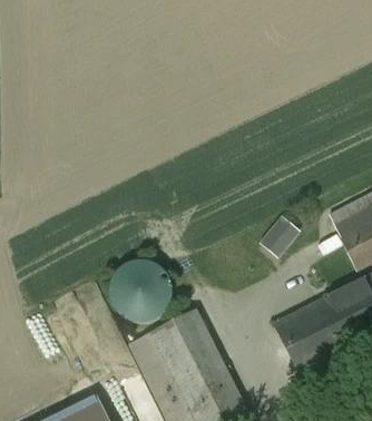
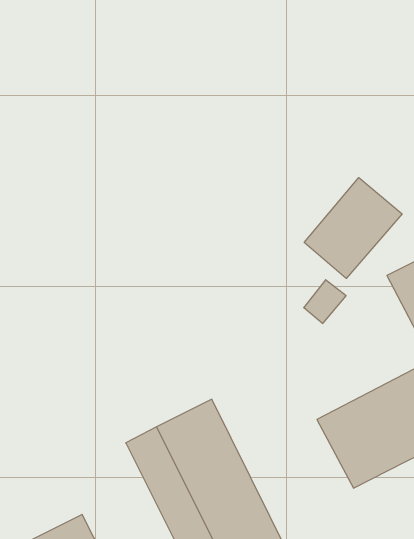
building: none -> [304,178,402,278]
building: [98,253,167,322] -> none

